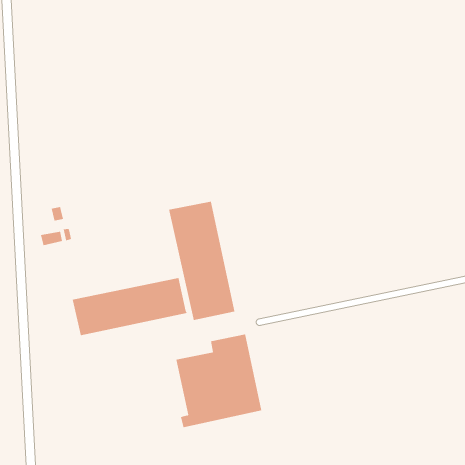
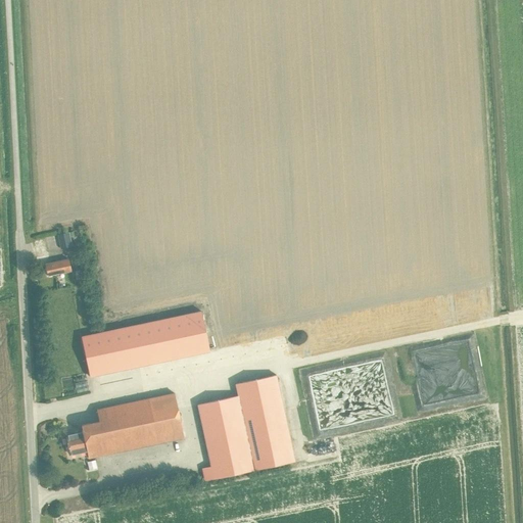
building: [169,201,235,321] -> none
building: none -> [66,393,184,459]

